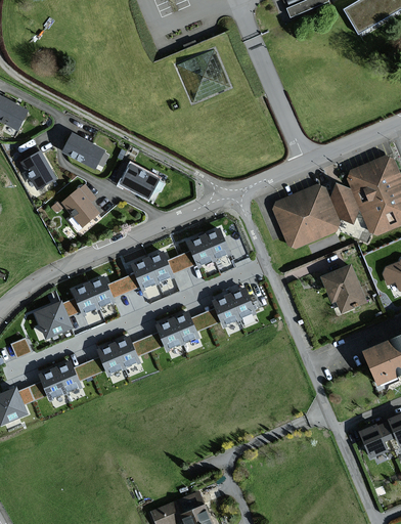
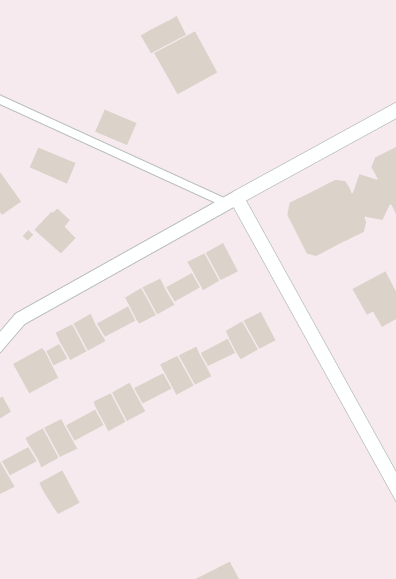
building: none -> [140,15,187,54]
building: [122,165,159,198] -> [94,109,138,146]
building: none -> [39,470,81,515]

